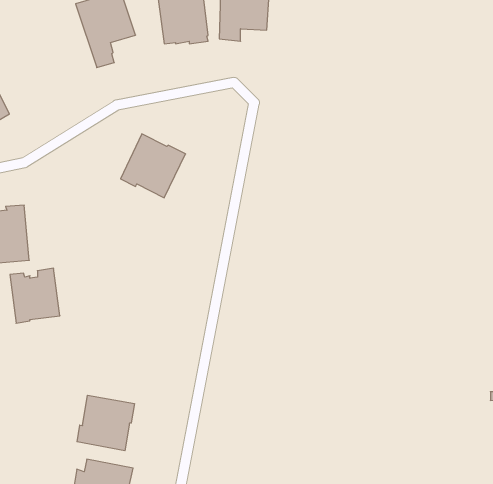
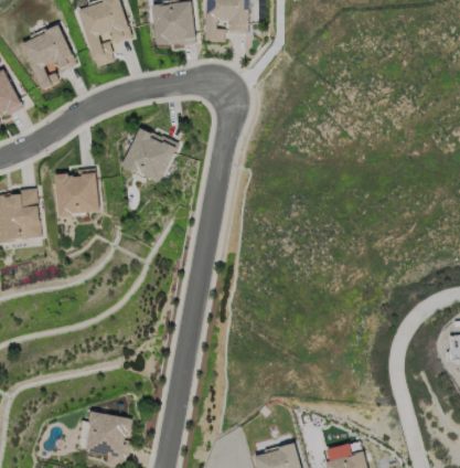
building: none -> [22,24,76,91]
building: [10,268,60,323] -> [53,167,97,215]
building: [77,395,134,451] -> none

